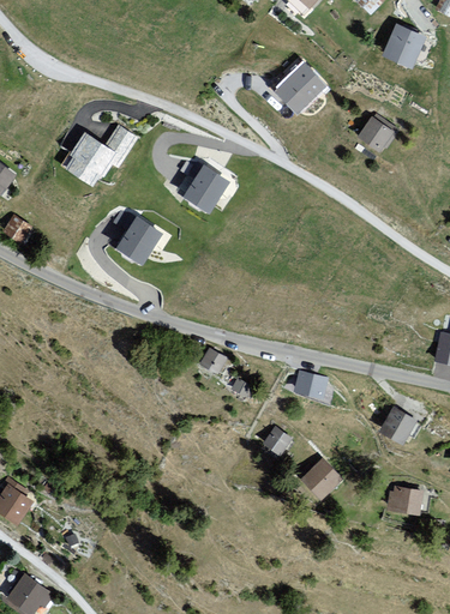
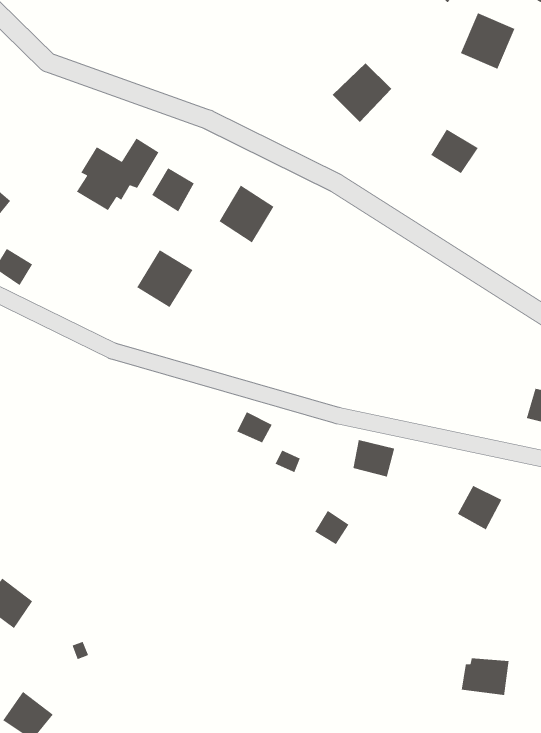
building: none -> [151,167,195,212]
building: [300,460,342,501] -> none
building: [384,487,424,518] -> [461,658,509,696]

